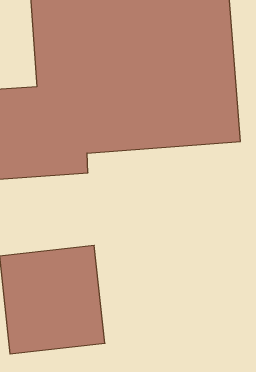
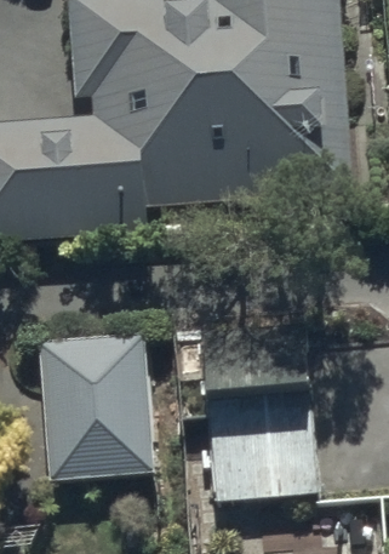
building: none -> [208,347,310,498]

